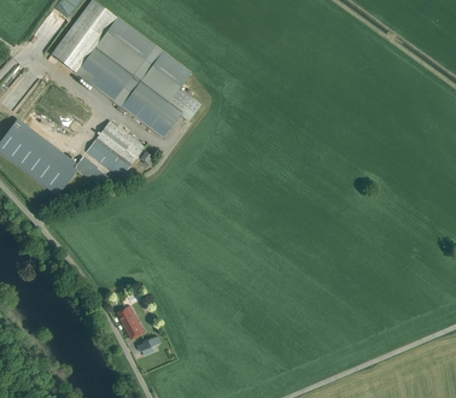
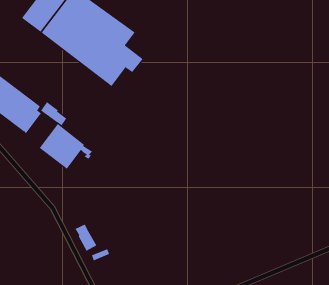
building: [86,121,152,177] -> [39,123,93,169]

